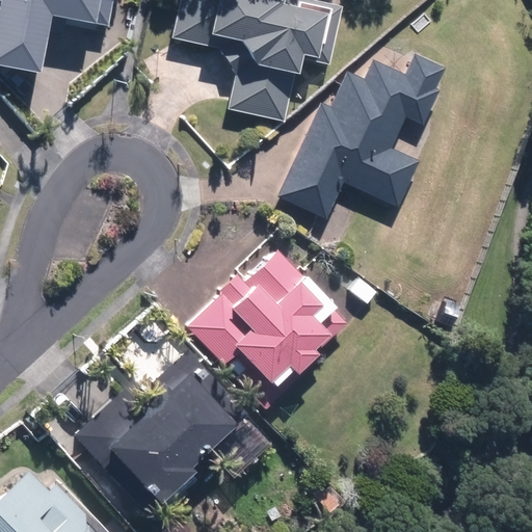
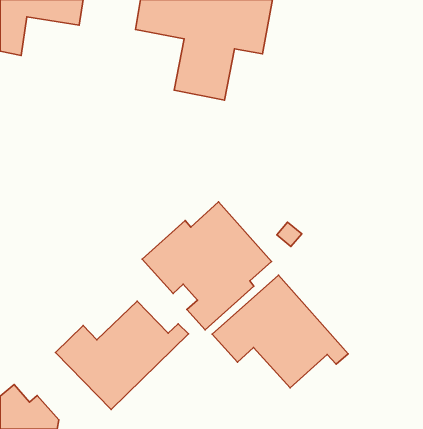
building: [277,53,453,217] -> none
building: none -> [212,275,348,388]

